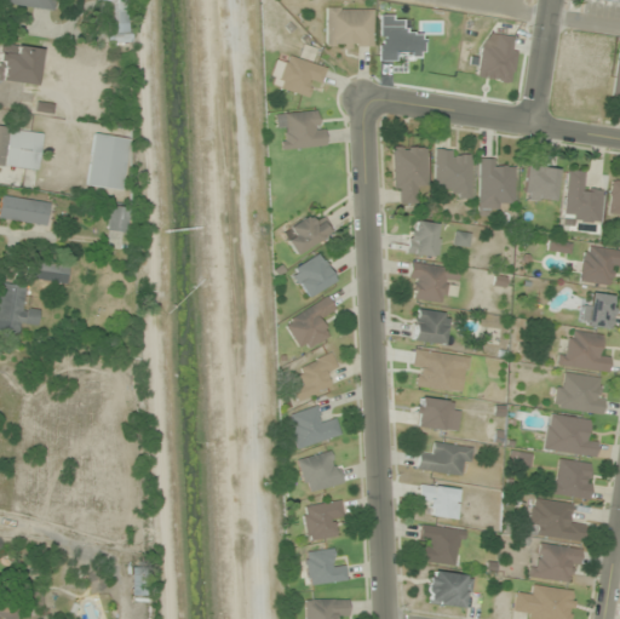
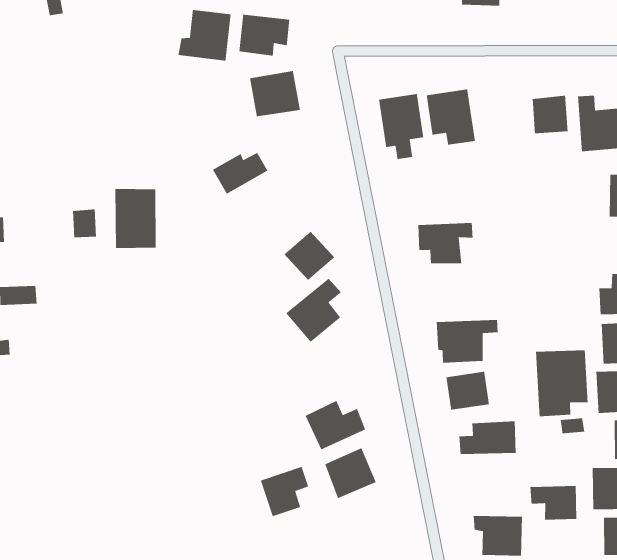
building: none -> [178,9,231,61]
building: [88,133,132,191] -> [114,188,156,249]
building: [481,160,517,214] -> none
building: [285,218,334,253] -> [212,152,269,195]
building: [411,222,443,257] -> none
building: [417,311,448,343] -> none
building: [295,354,341,402] -> none
building: none -> [535,349,589,417]
building: [421,485,464,520] -> [530,485,577,520]
building: [304,500,346,541] -> [260,466,309,517]

